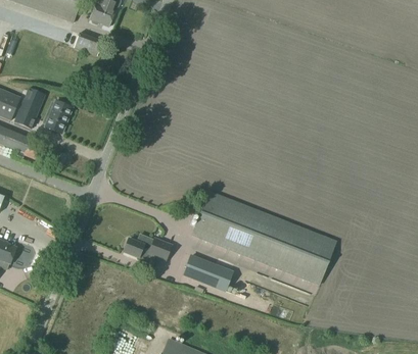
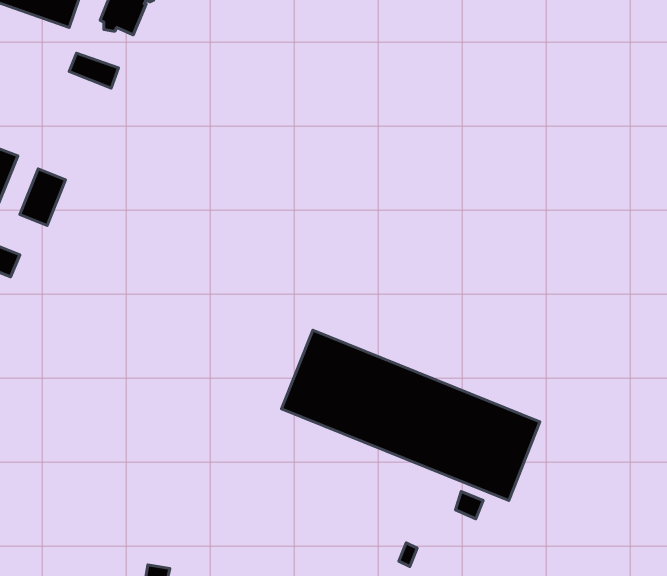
building: [124,233,173,260] -> none
building: [185,255,231,289] -> none

